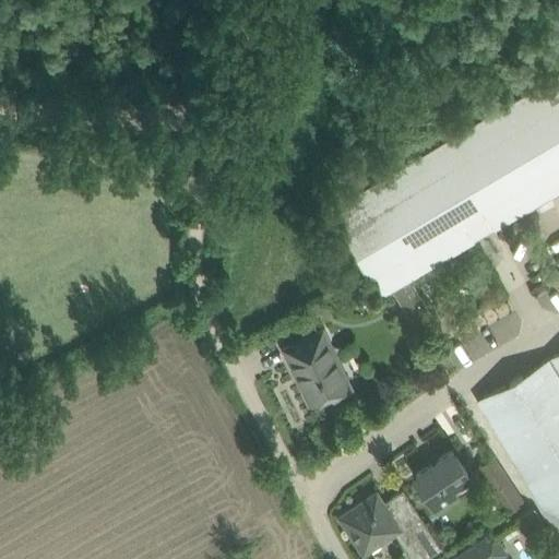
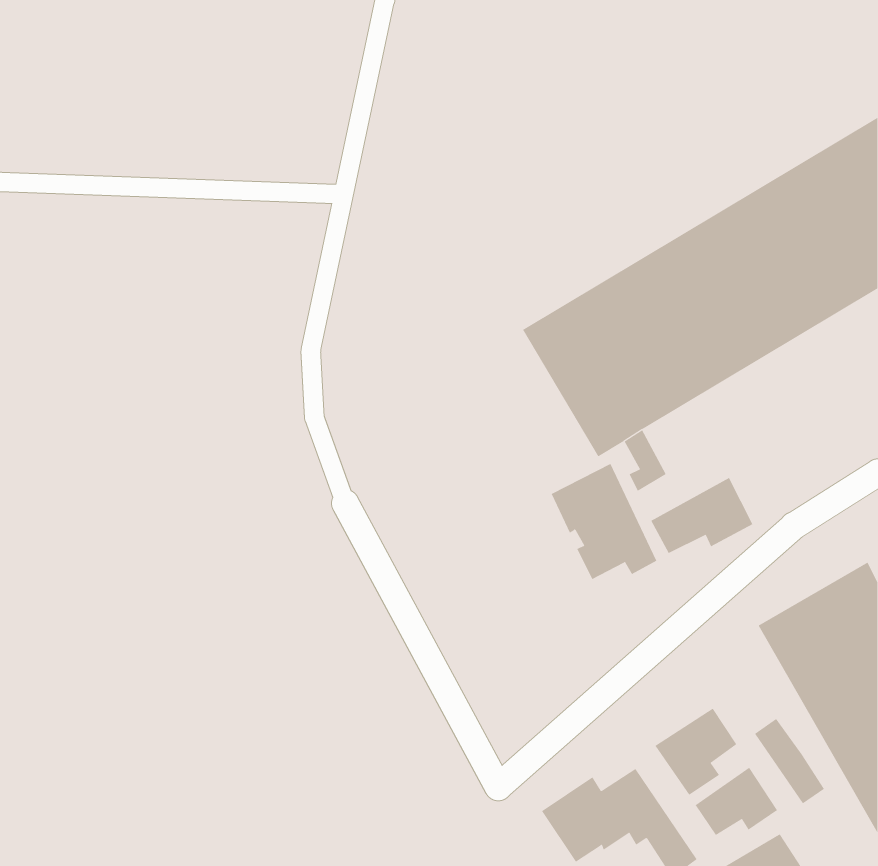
building: none -> [650,477,753,554]
building: [285,335,353,409] -> [551,463,657,580]
building: none -> [695,767,778,836]

